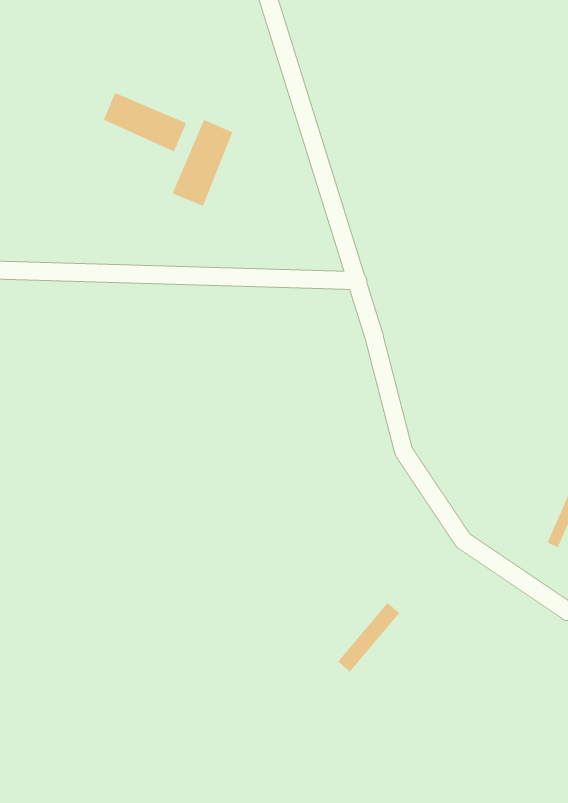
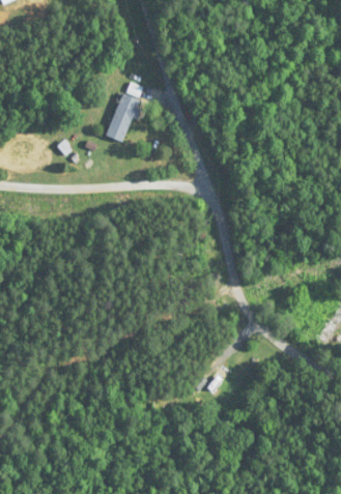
building: [103,92,187,152] -> none

